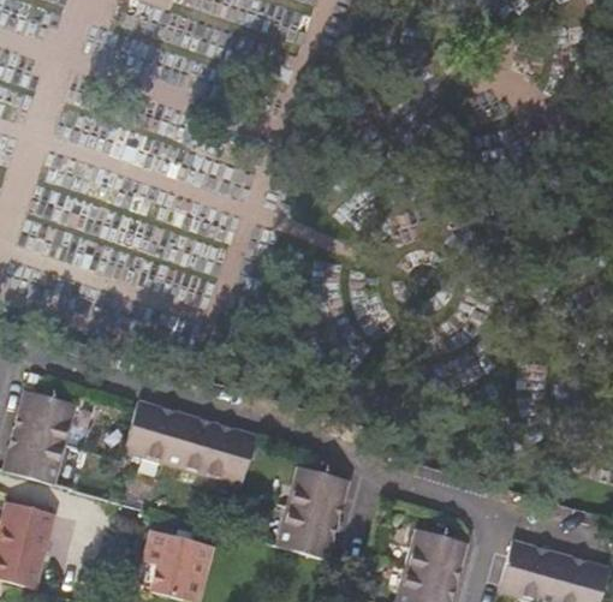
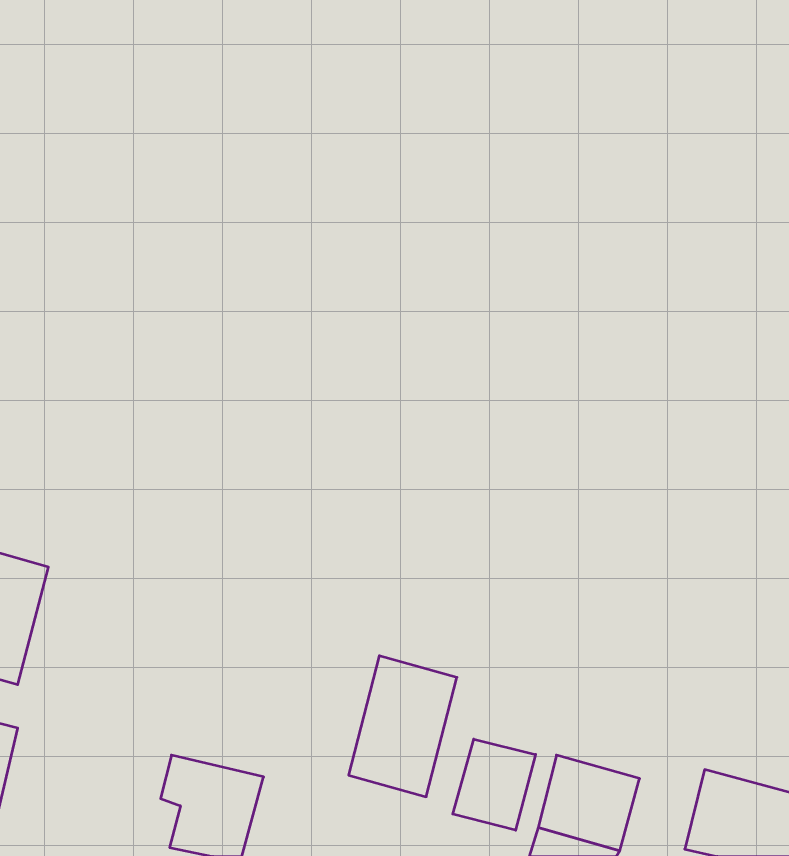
building: [124,400,249,484] -> none
building: none -> [453,739,536,830]

